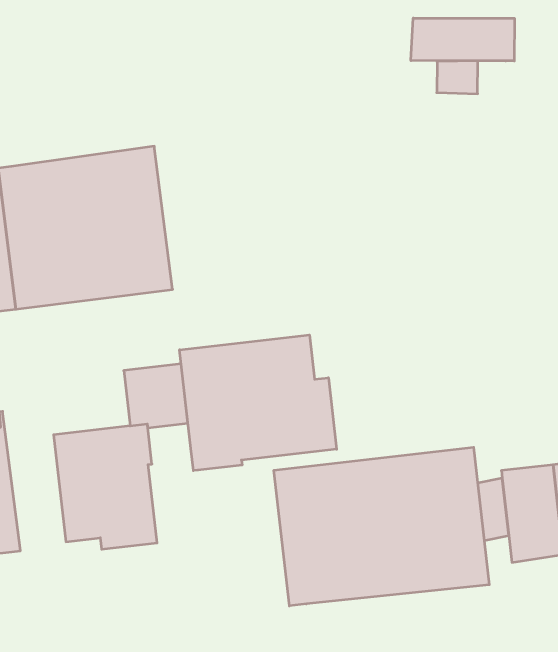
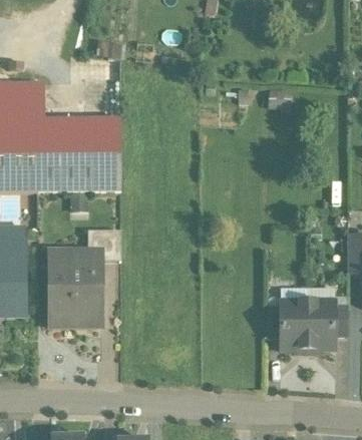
building: [411,18,514,61] -> none
building: [180,335,337,471] -> none
building: [274,447,489,606] -> none

